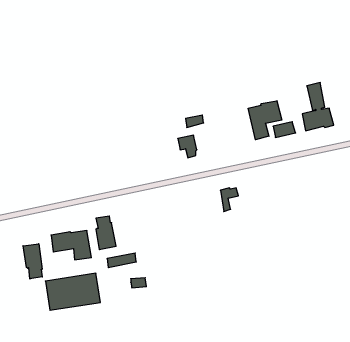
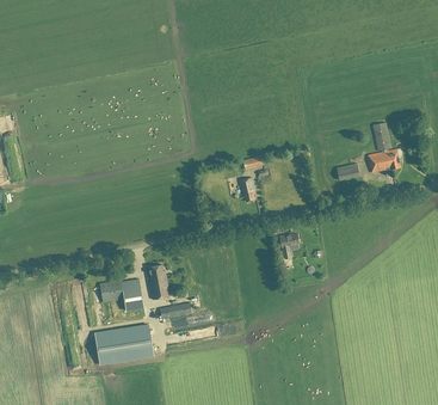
building: [248,101,282,140] -> none
building: [23,244,42,279] -> none

